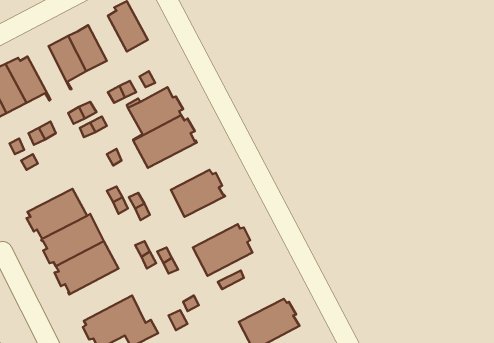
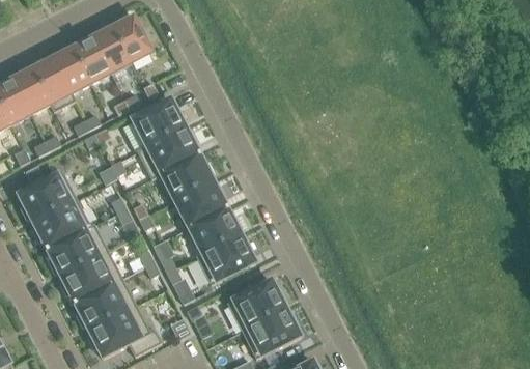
building: none -> [91,28,130,73]
building: none -> [31,58,74,111]
building: none -> [150,153,214,200]
building: none -> [18,171,76,222]
building: none -> [187,206,241,257]
building: none -> [73,278,135,330]
building: none -> [226,280,286,331]

